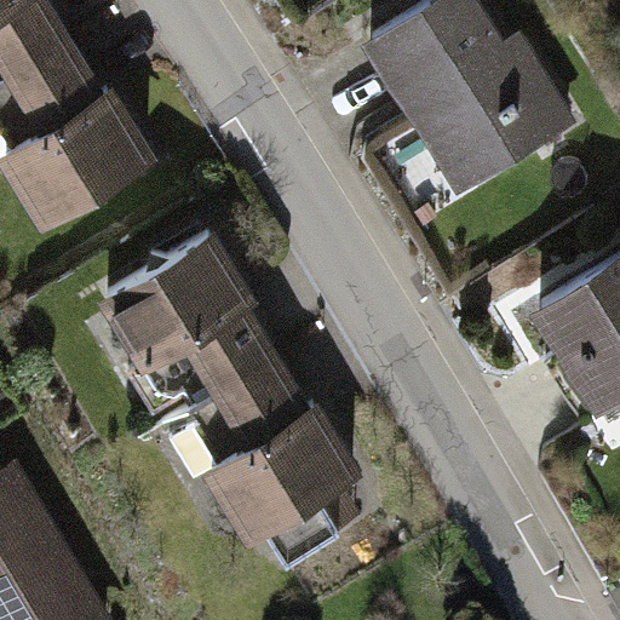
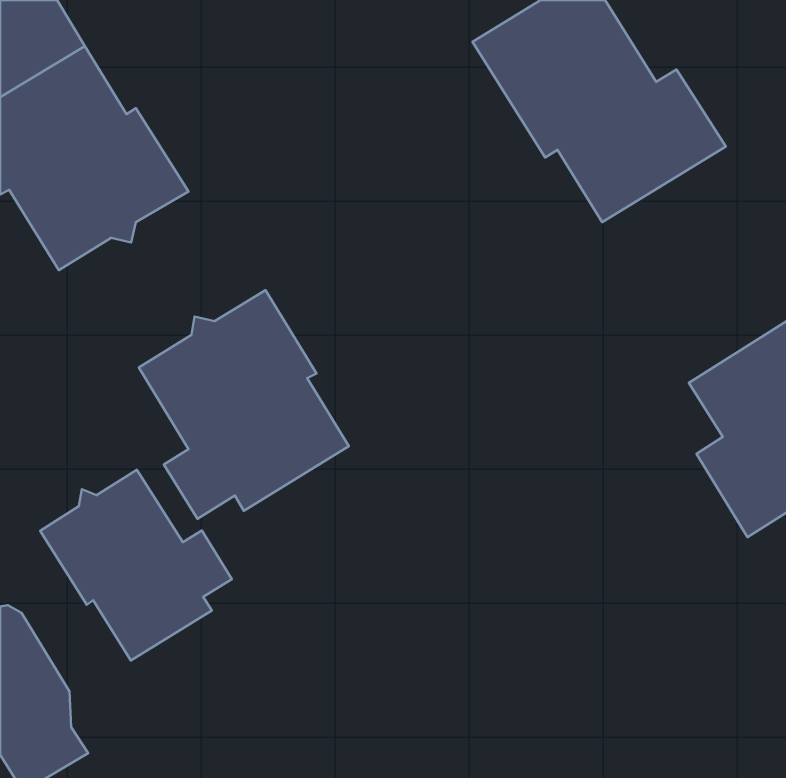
building: [174,358,356,563] -> none
building: none -> [40,470,232,661]

